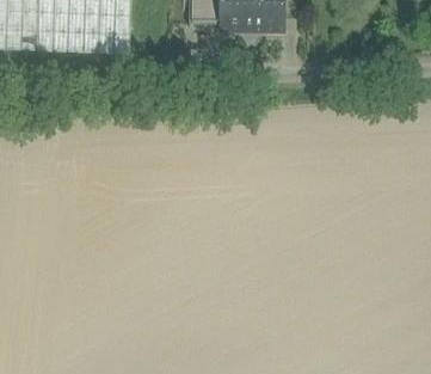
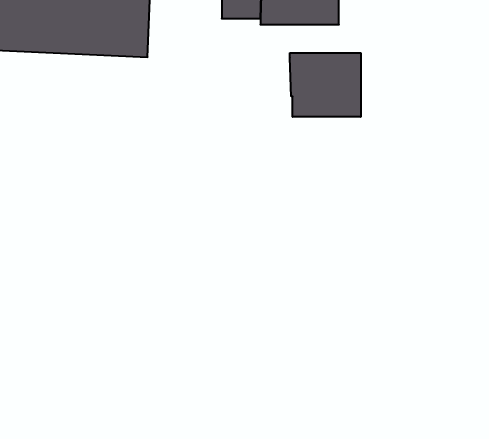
building: none -> [290,53,361,117]

